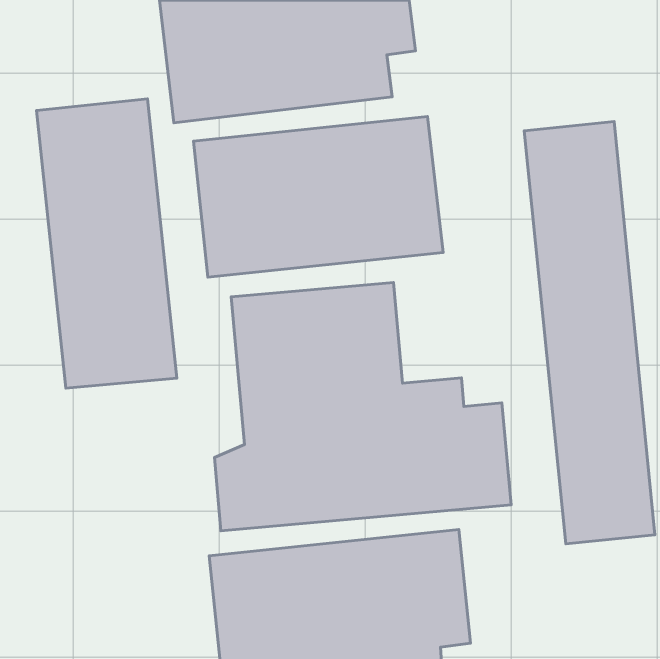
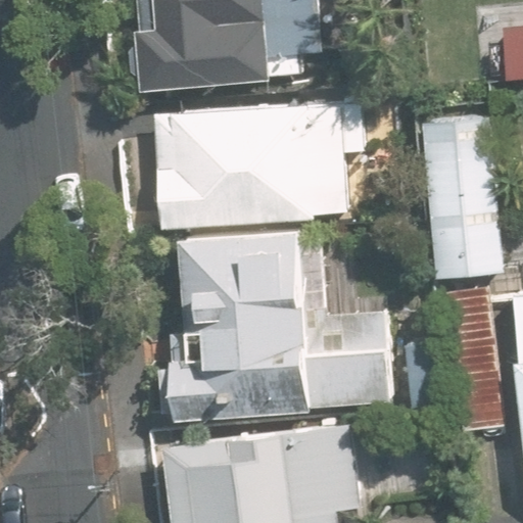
building: [37,99,177,388] -> none

